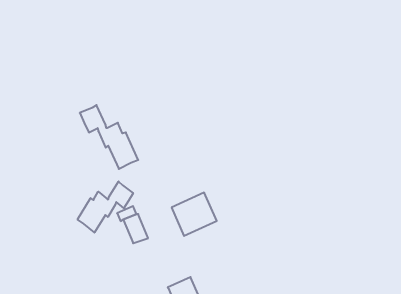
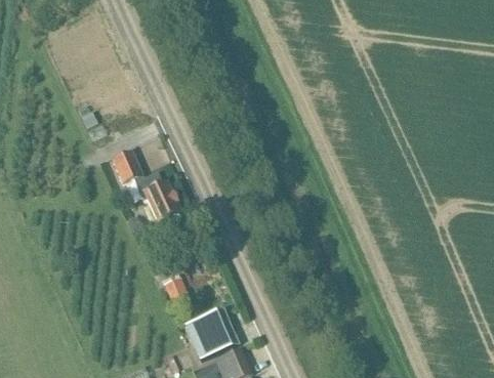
building: [78,181,133,233] -> none
building: [172,193,217,236] -> [184,307,237,358]

